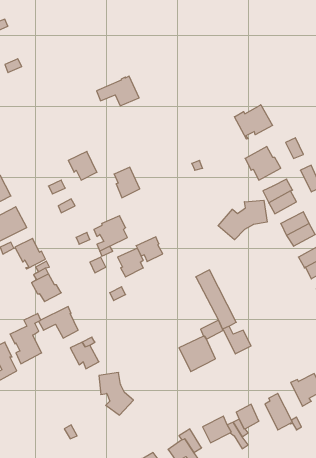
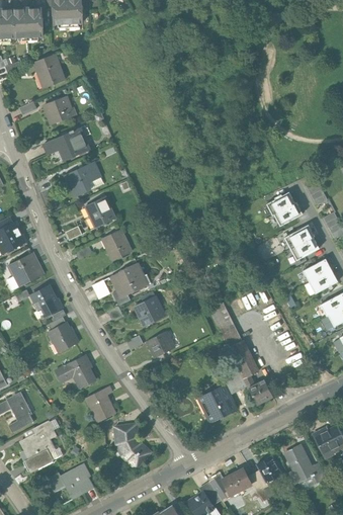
building: none -> [35,54,66,87]
building: none -> [45,96,74,124]
building: [97,76,139,106] -> [45,128,88,159]
building: [234,105,273,139] -> none
building: none -> [65,161,100,197]
building: [114,167,140,198] -> [104,229,131,260]
building: [218,200,267,240] -> none
building: [136,237,163,262] -> [147,331,174,356]
building: [10,313,42,364] -> [19,420,52,471]
building: none -> [48,469,84,499]

